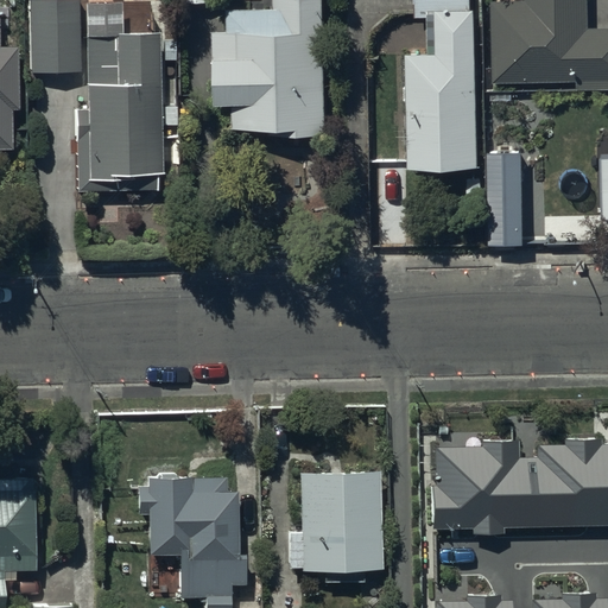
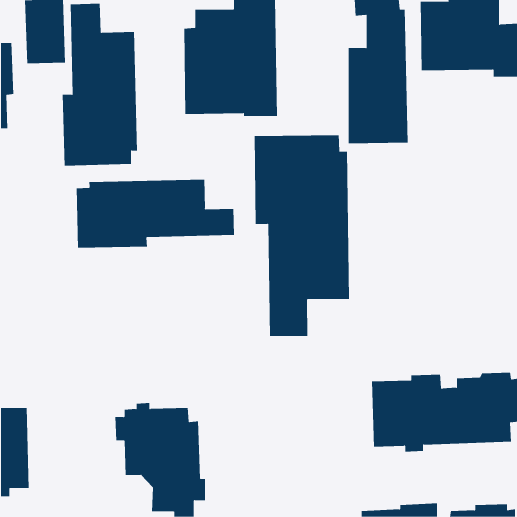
building: [488,153,522,242] -> none
building: none -> [254,135,349,337]
building: none -> [76,179,234,249]
building: [286,469,380,584] -> none

